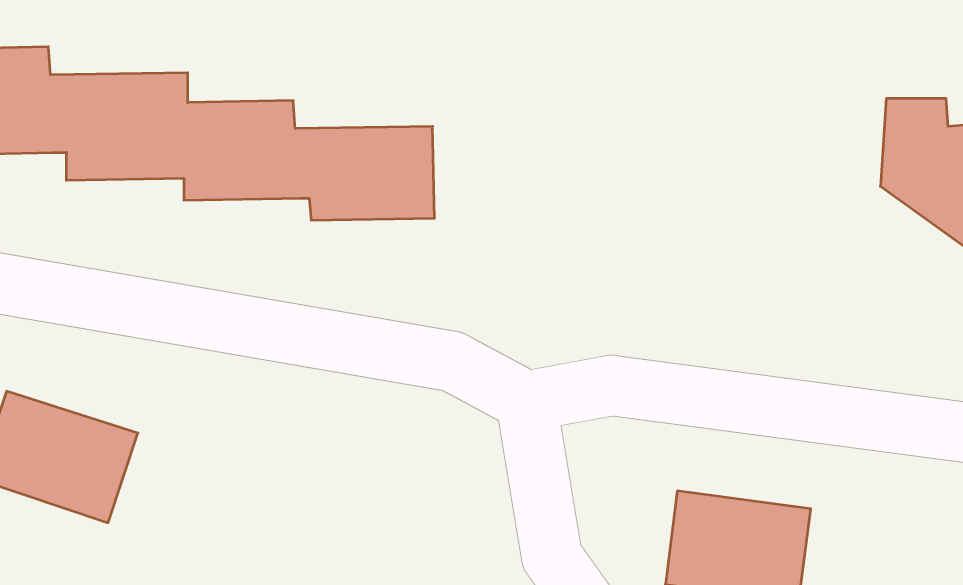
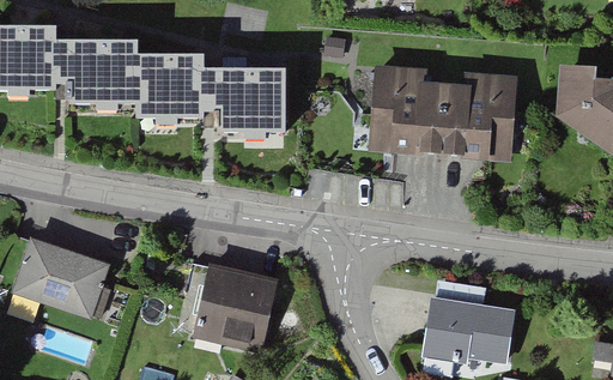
building: none -> [372,64,520,159]
building: none -> [192,260,279,350]

